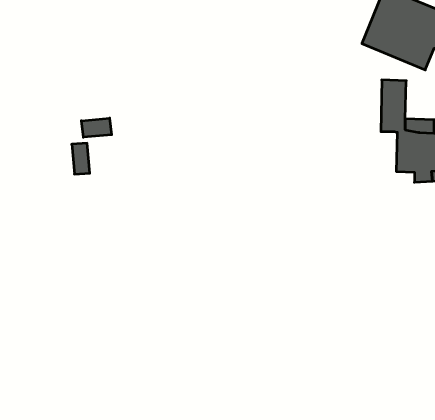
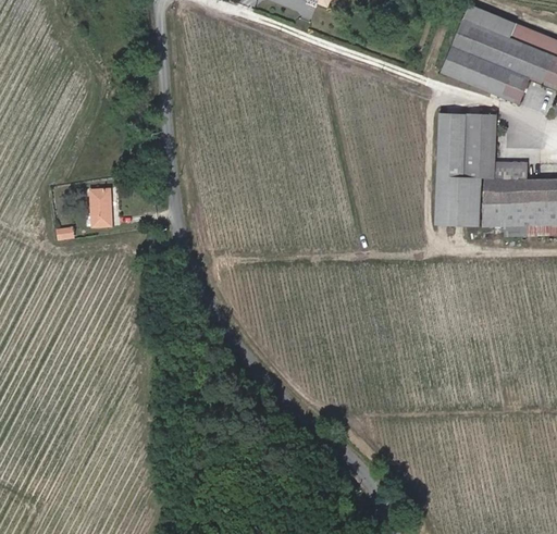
building: none -> [434,113,480,226]
building: [81,118,112,137] -> none

